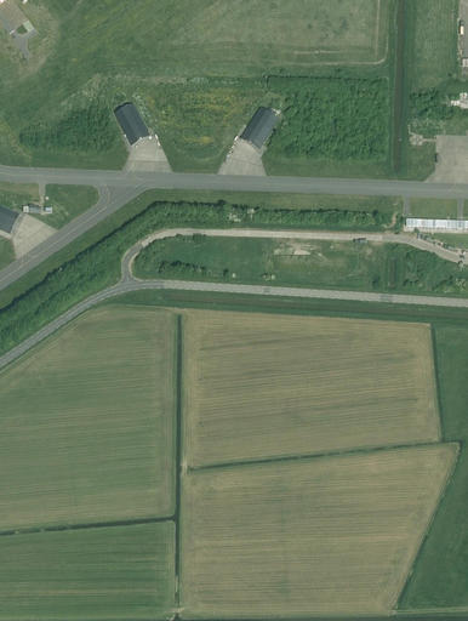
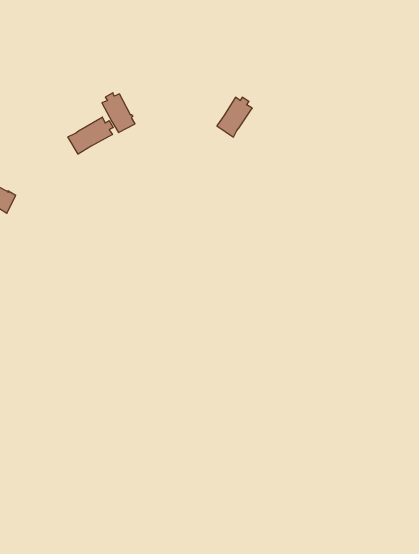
building: none -> [68,117,113,154]

